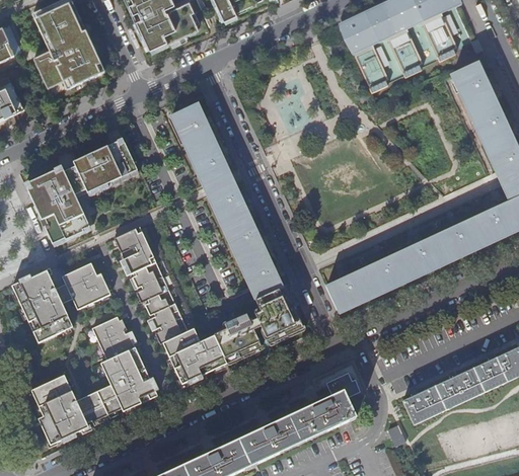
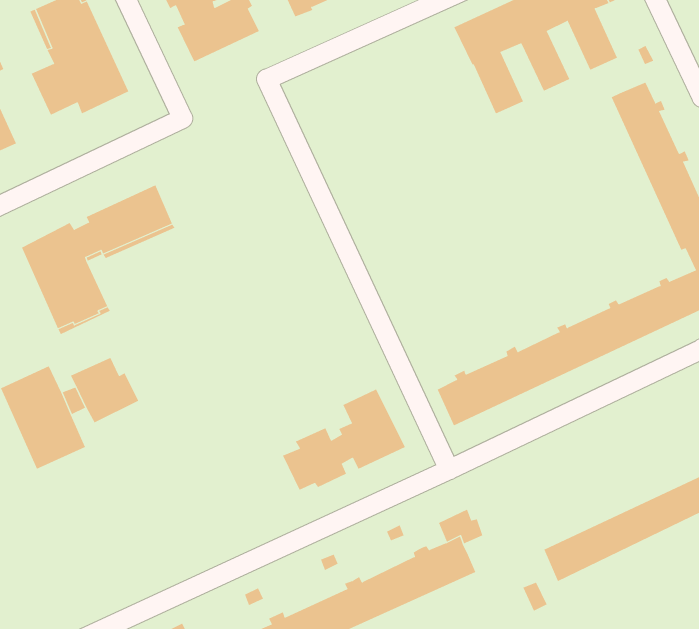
building: [171,96,282,298] -> none
building: [114,226,225,380] -> none
building: [28,316,154,445] -> none

